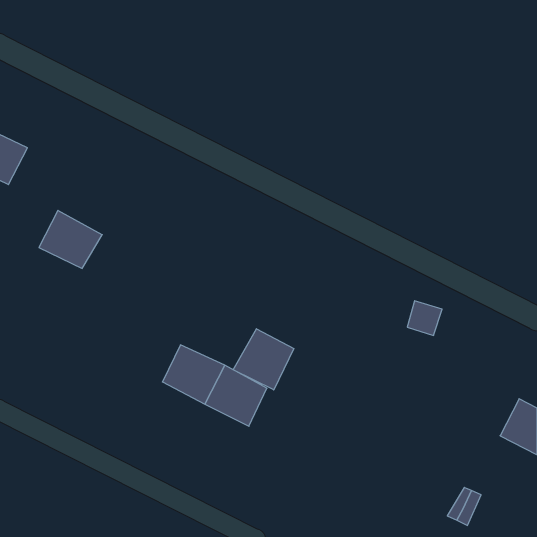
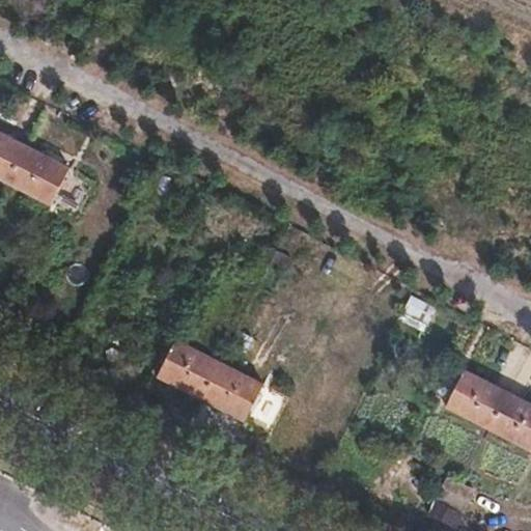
building: [39,210,102,268] -> [8,147,71,204]
building: [233,329,294,390] -> none
building: none -> [447,371,510,430]

